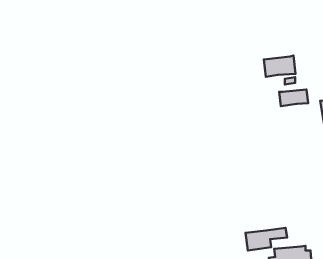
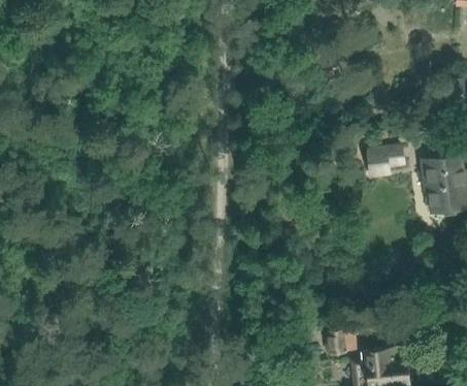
building: [264,56,295,77] -> none

